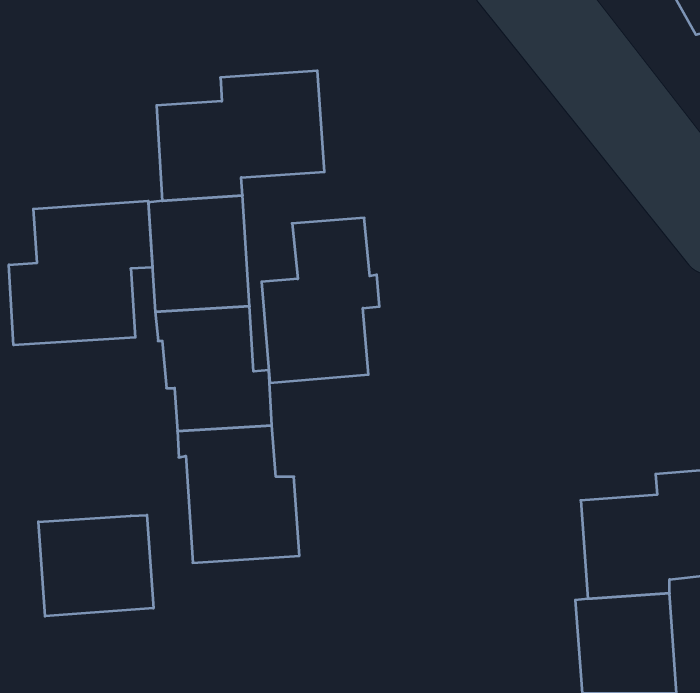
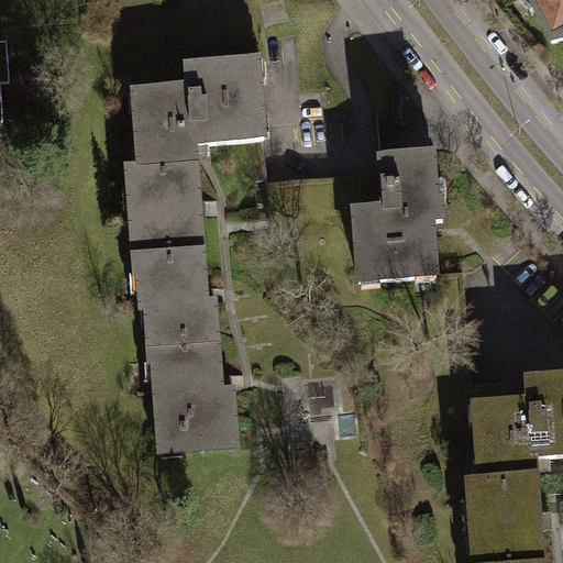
building: [9,201,152,345] -> none
building: [262,218,379,383] -> [343,151,437,282]
building: [38,515,153,616] -> none

